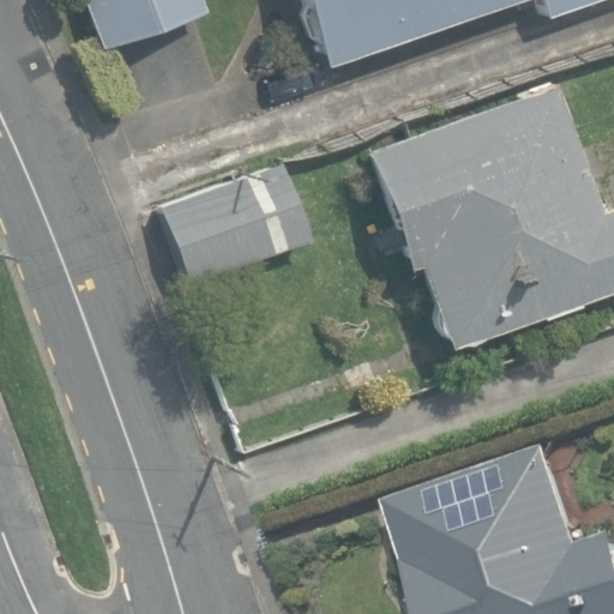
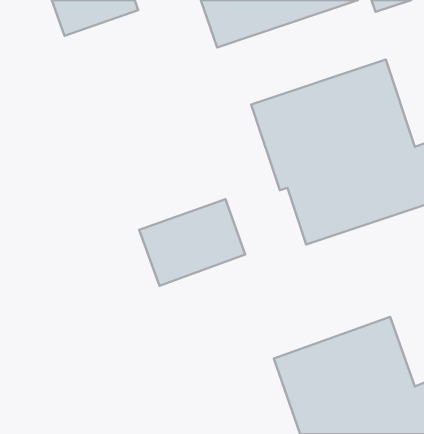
building: [163,162,313,284] -> [139,199,245,286]

